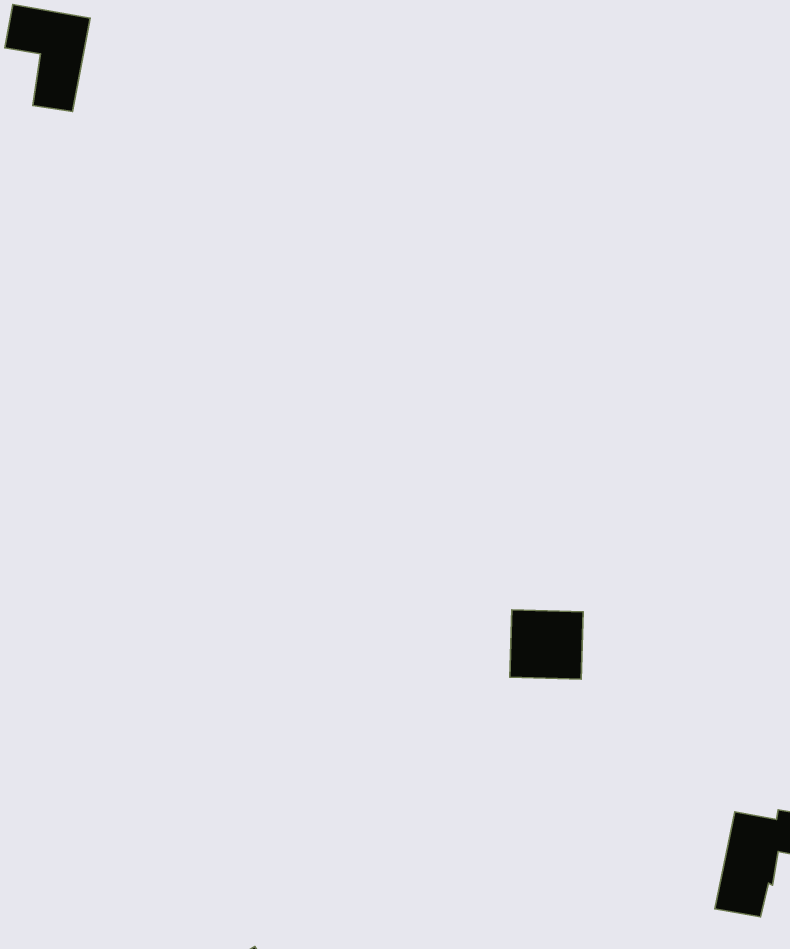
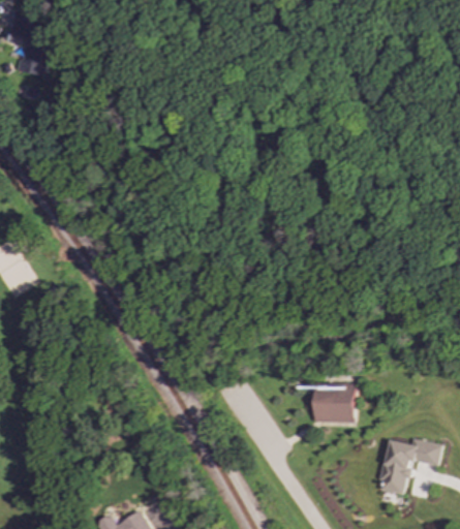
building: [510,610,583,679] -> [316,384,355,421]

